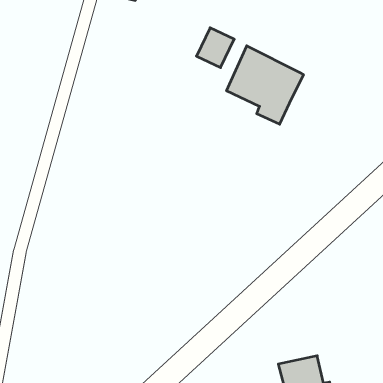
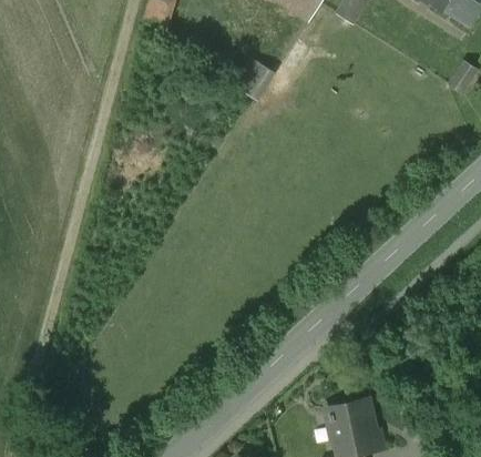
building: [227,46,303,124] -> none

